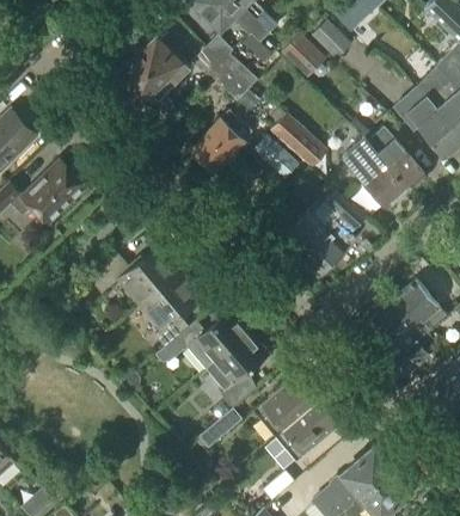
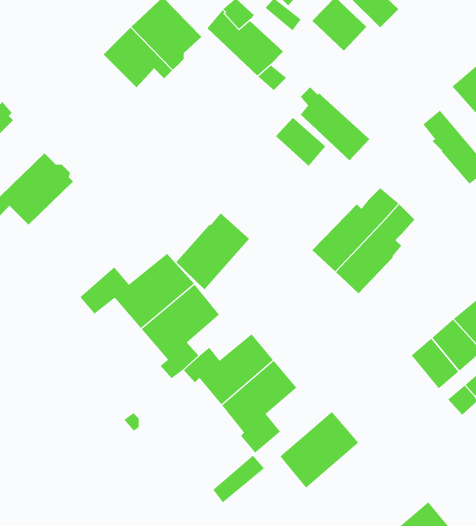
building: [191,110,252,173] -> [175,213,250,290]
building: [343,137,409,208] -> none
building: [275,399,339,462] -> none

